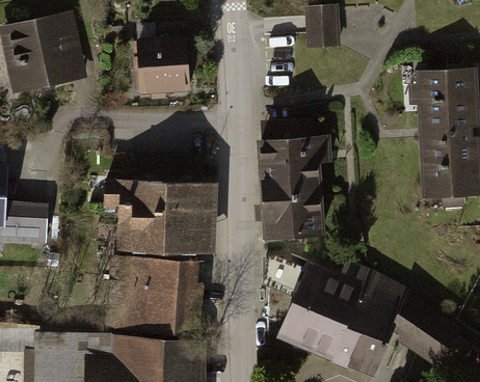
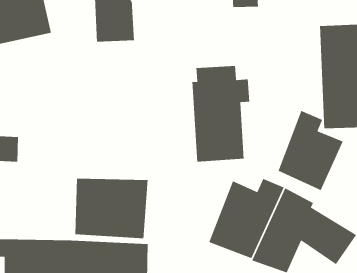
building: none -> [278,110,344,191]
building: [109,180,218,254] -> none

